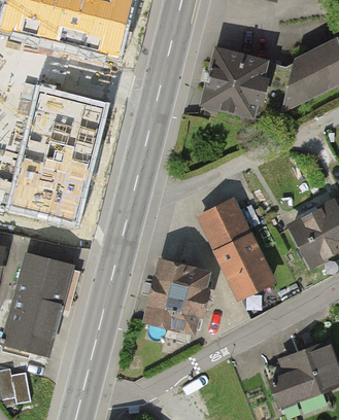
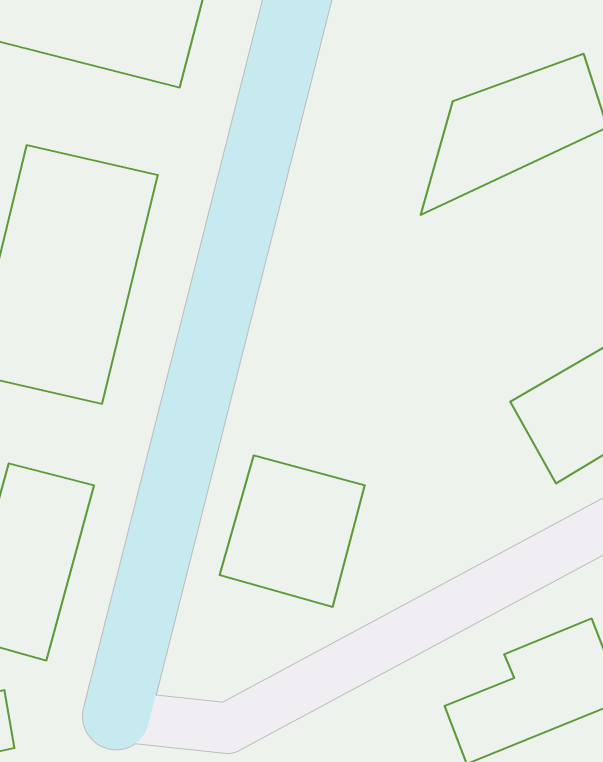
building: [191,54,259,127] -> none
building: [196,192,276,299] -> none

